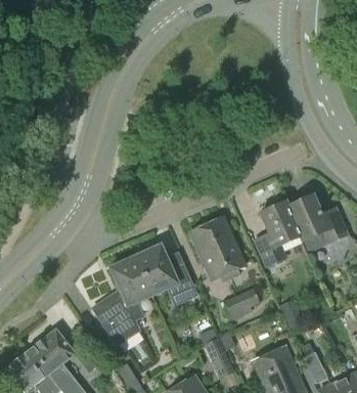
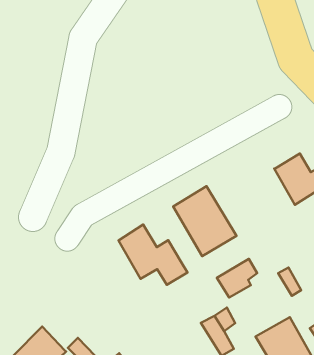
building: [256,201,301,265] -> none
building: [93,256,152,344] -> none

